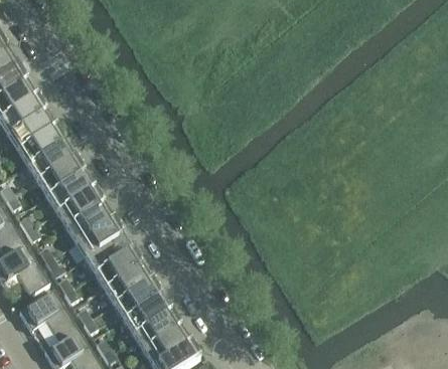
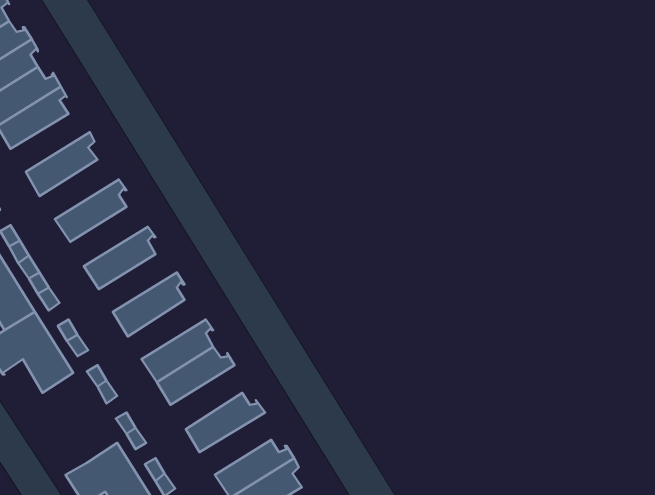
building: [8,113,60,151] -> none
building: [27,143,80,182] -> none
building: [47,174,99,213] -> none
building: [66,205,118,243] -> none
building: [86,235,137,274] -> none
building: [114,279,161,321] -> none
building: [19,290,79,343] -> none
building: [133,310,180,351] -> none

